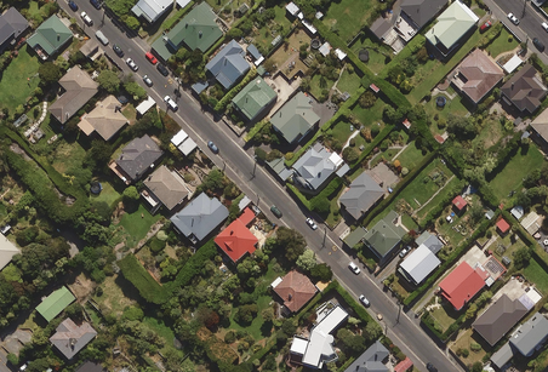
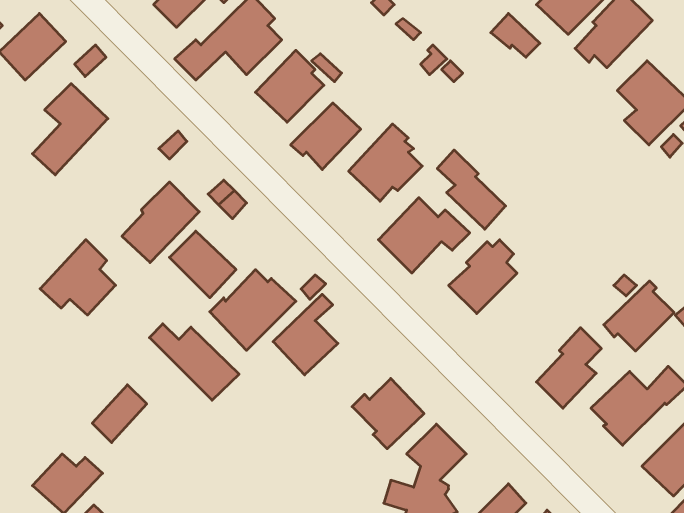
building: [76,88,129,141] -> [40,240,116,315]
building: none -> [437,150,506,229]
building: [360,210,409,258] -> [604,281,674,351]
building: none -> [149,324,239,400]
building: [36,281,74,321] -> [92,385,147,443]

